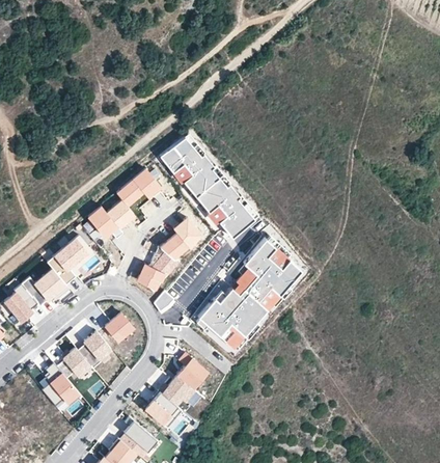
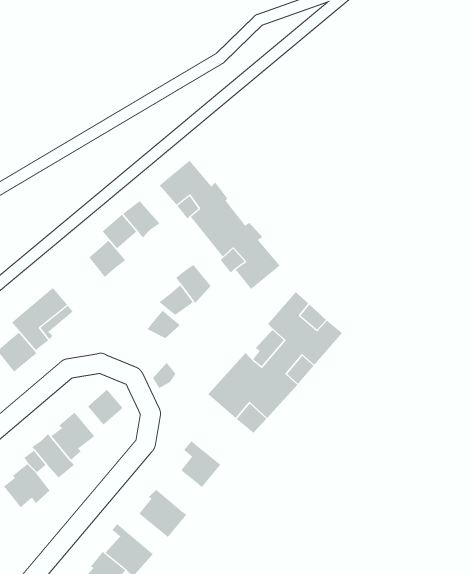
building: [87,207,122,239] -> none
building: [136,265,165,292] -> none
building: [158,376,196,407] -> none

